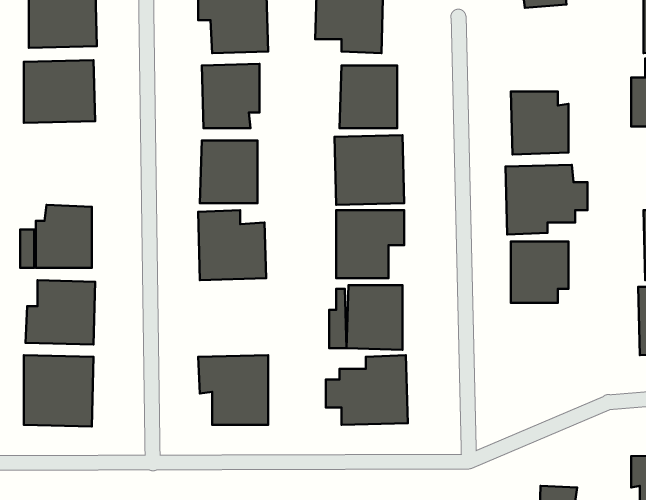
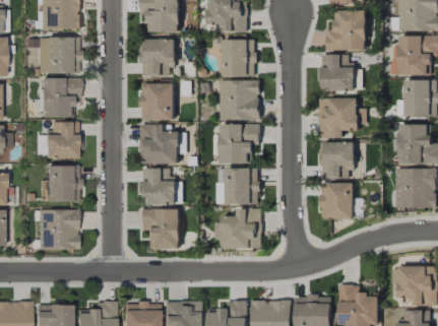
building: none -> [326,10,367,51]
building: none -> [41,77,80,117]
building: none -> [143,168,177,204]
building: none -> [321,183,355,219]

